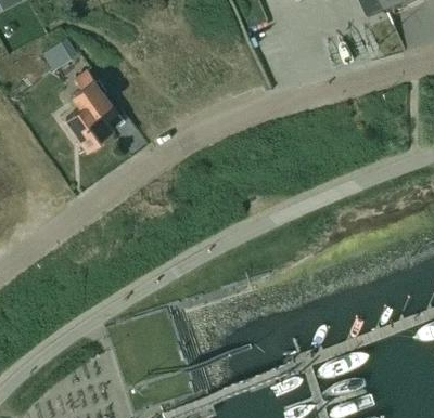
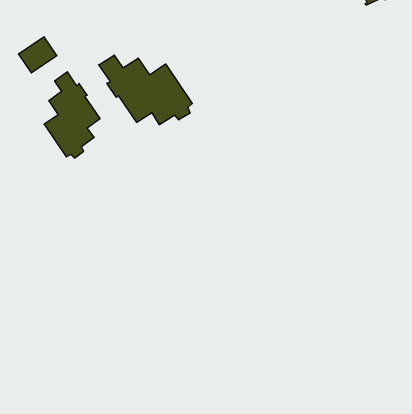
building: none -> [99,55,192,125]

